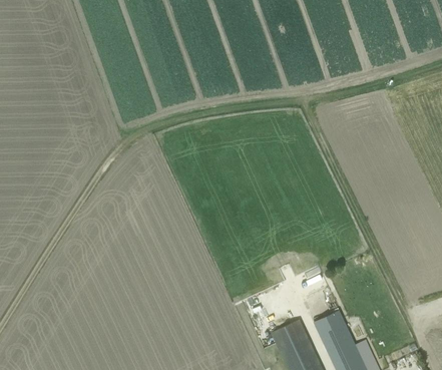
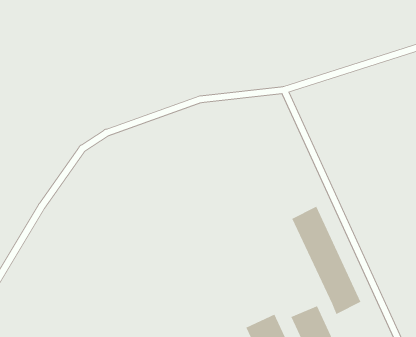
building: none -> [292,206,361,315]

